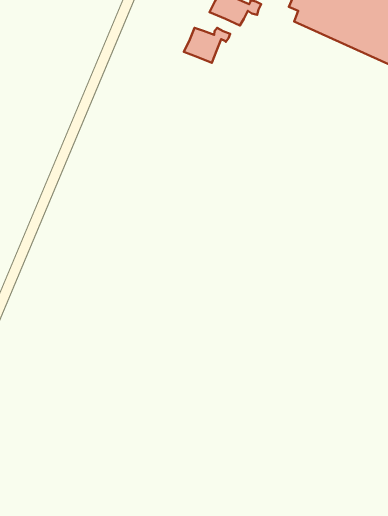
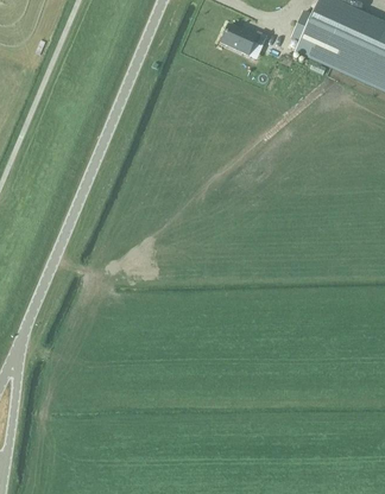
building: [184,28,230,63] -> none

